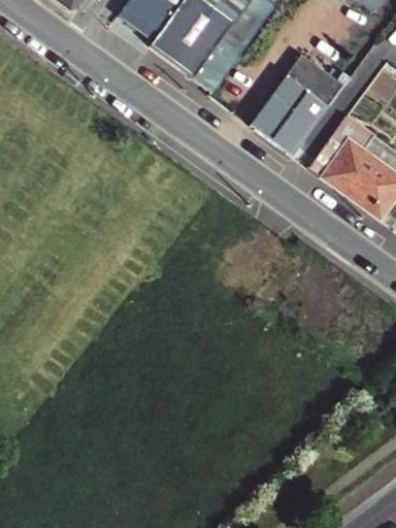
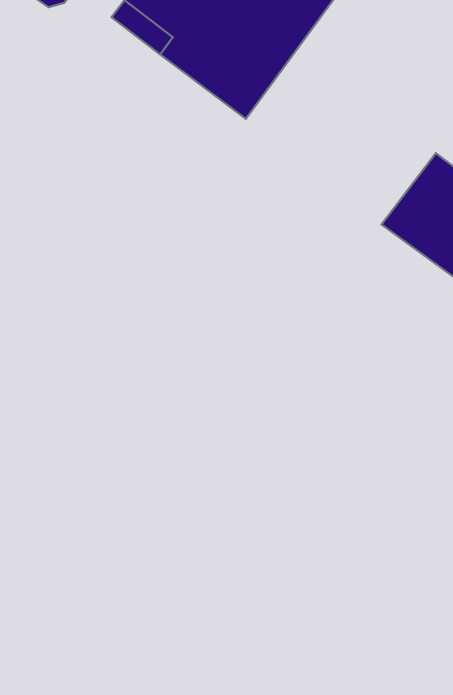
building: [250,53,344,154] -> none

